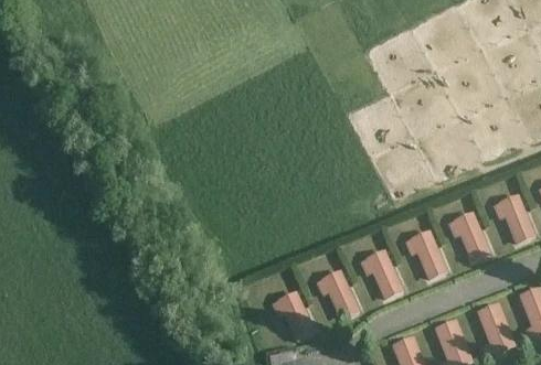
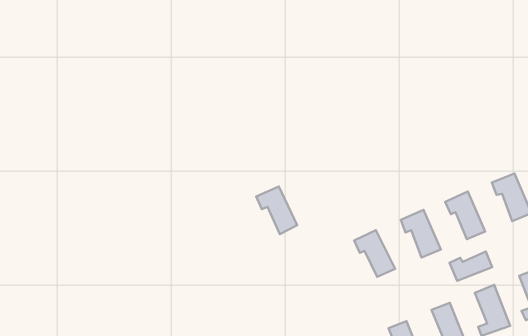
building: none -> [450,252,492,281]
building: [317,271,357,318] -> [256,186,297,234]
building: [273,292,312,339] -> none

